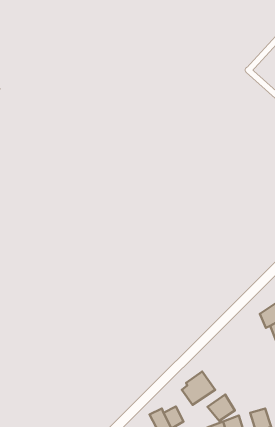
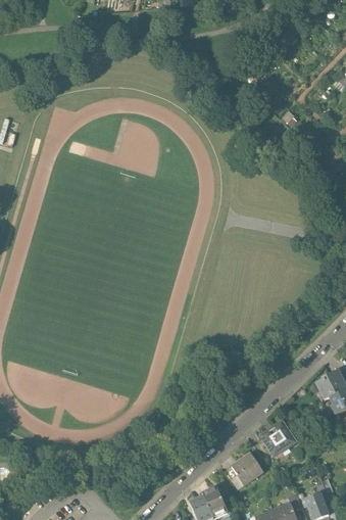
building: [208,395,235,421] -> [260,422,292,453]

